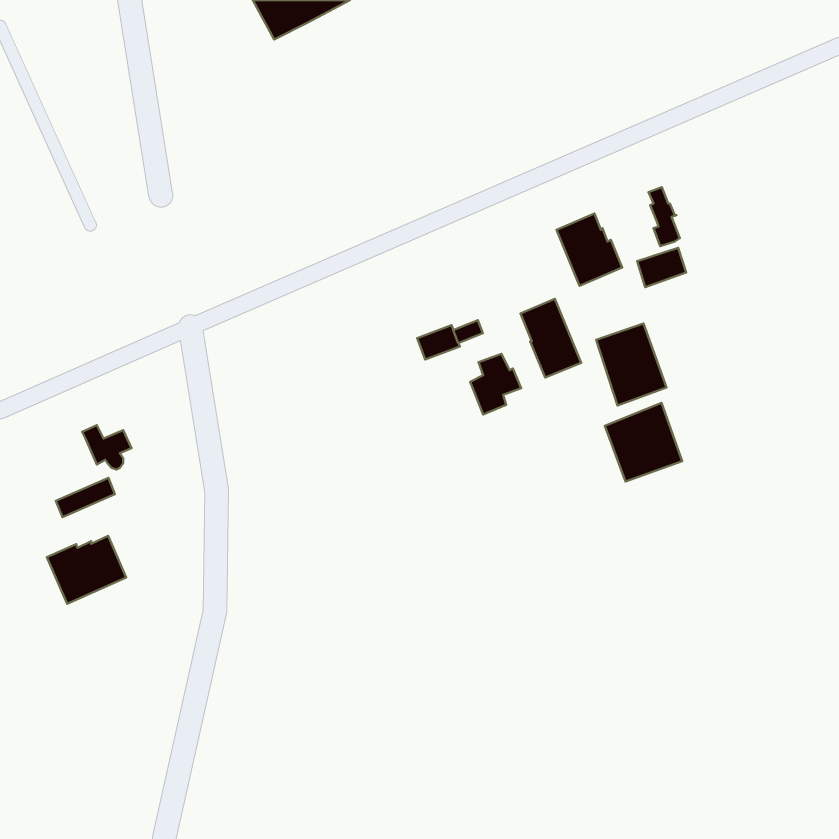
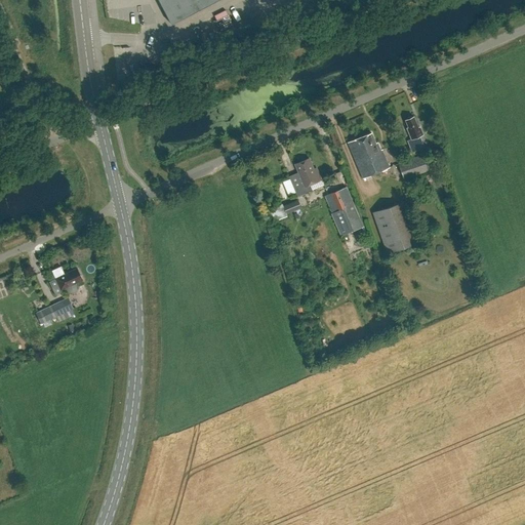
building: [470,354,521,415] -> [289,159,321,197]
building: [605,403,682,482] -> none
building: [47,536,126,604] -> none

